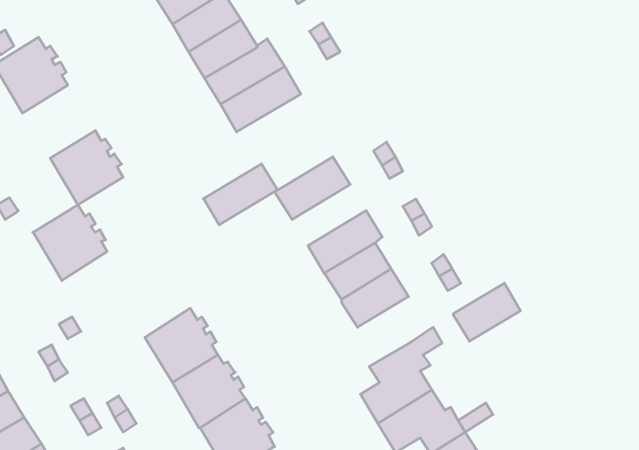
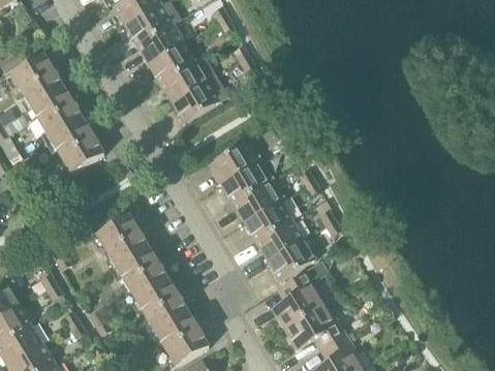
building: none -> [31,90,83,142]
building: [203,164,277,225] -> [222,160,275,204]
building: [33,205,107,281] -> [97,215,150,269]
building: [453,283,520,341] -> [269,240,316,281]

